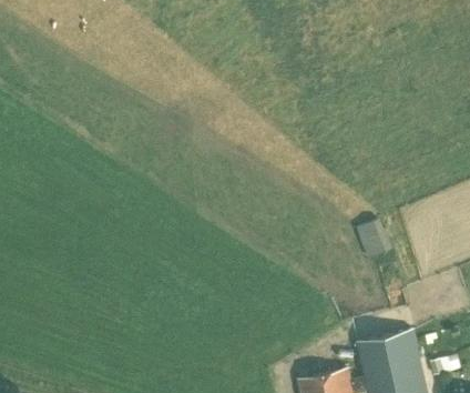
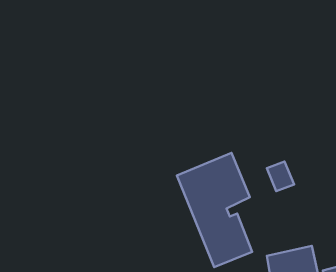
building: none -> [177,153,252,267]

